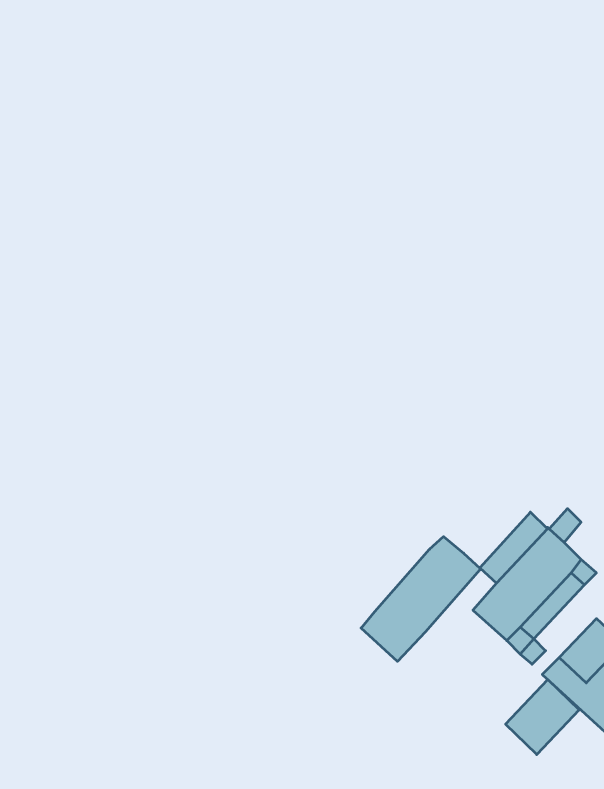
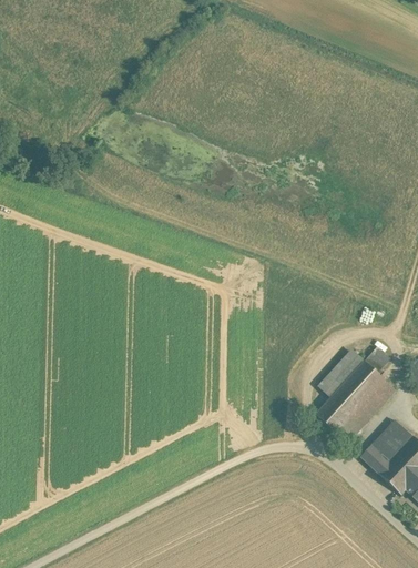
building: [361,537,482,661] -> none
building: [506,680,579,755] -> none

